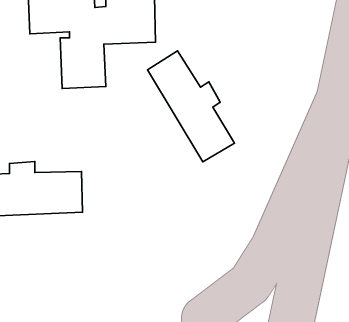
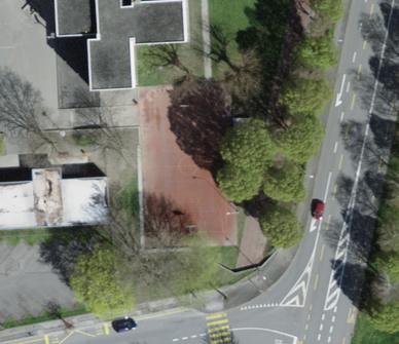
building: [147,51,234,162] -> none

